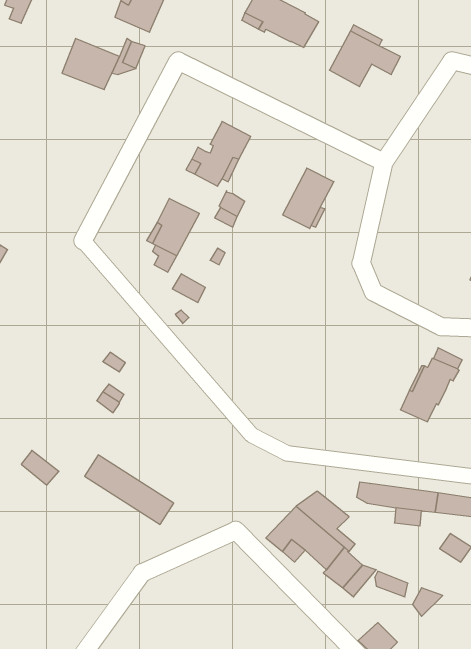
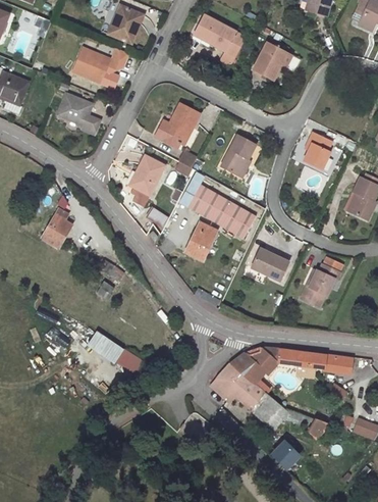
building: none -> [57,93,100,133]
building: none -> [304,132,332,169]
building: none -> [187,184,256,238]
building: none -> [42,208,72,247]
building: none -> [185,221,217,259]
building: none -> [252,248,288,280]
building: none -> [245,346,278,372]

